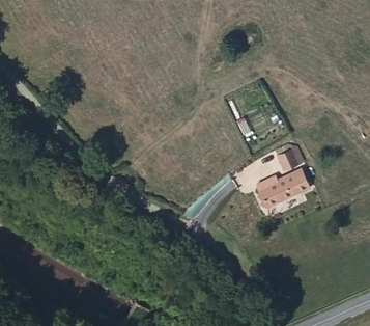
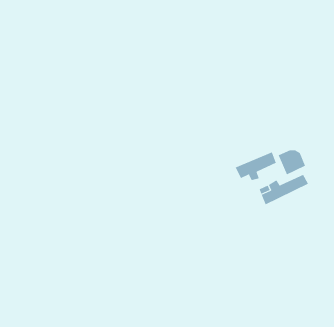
building: none -> [235,151,277,181]

